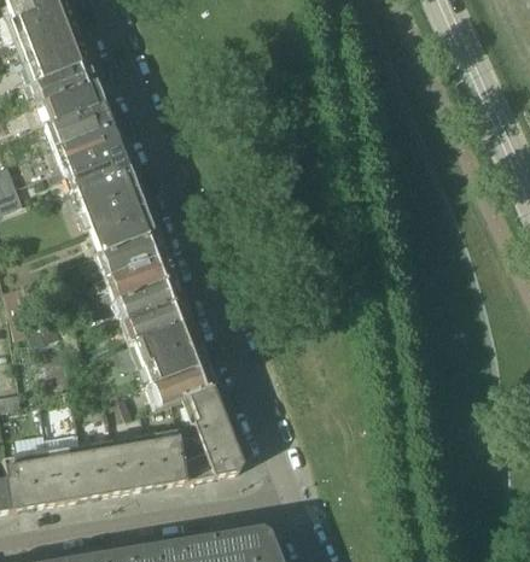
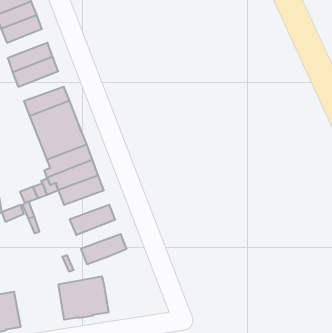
building: [39,59,99,100] -> none
building: [56,122,123,166] -> none
building: [123,298,191,341] -> none
building: [141,341,208,385] -> none
building: [182,385,246,479] -> none
building: [49,438,123,500] -> none

